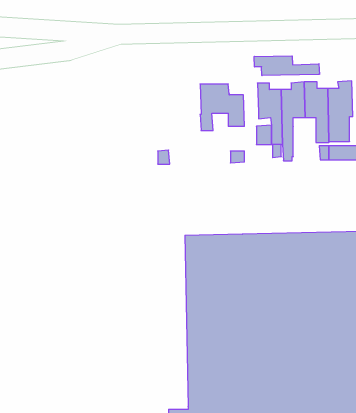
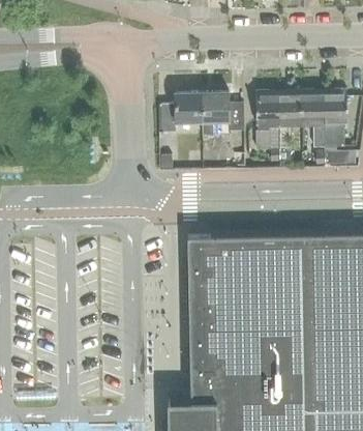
building: [254,56,319,76] -> none
building: none -> [159,94,204,135]

